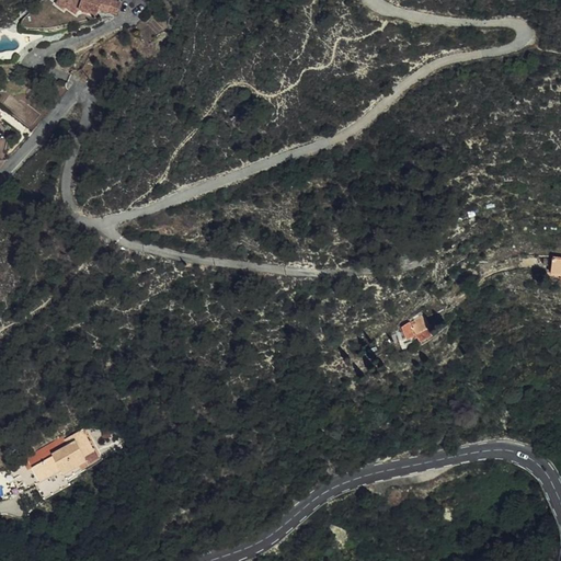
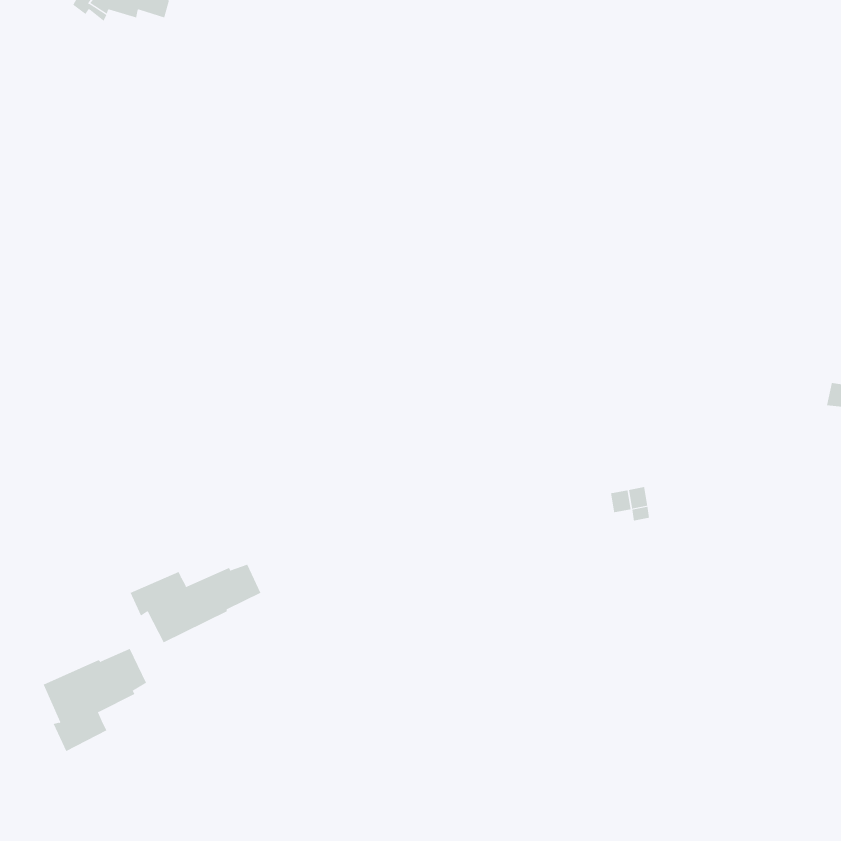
building: none -> [130,564,261,643]

